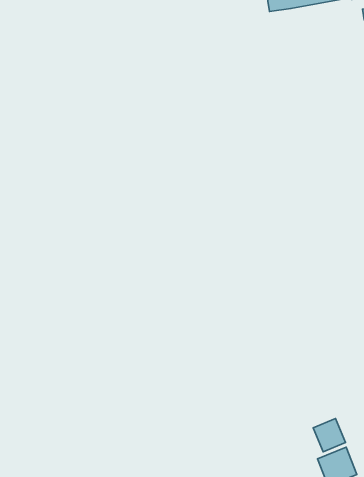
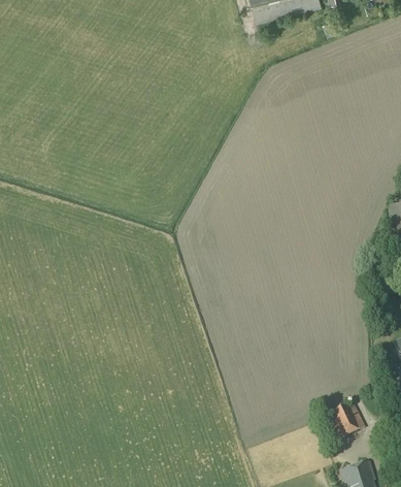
building: [313,419,346,452] -> none

